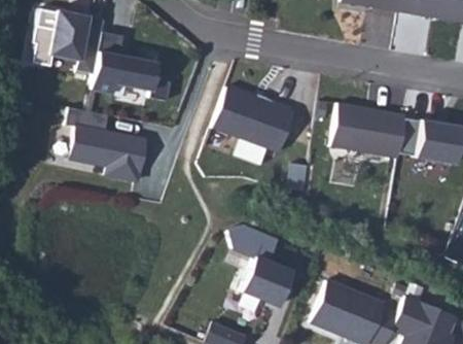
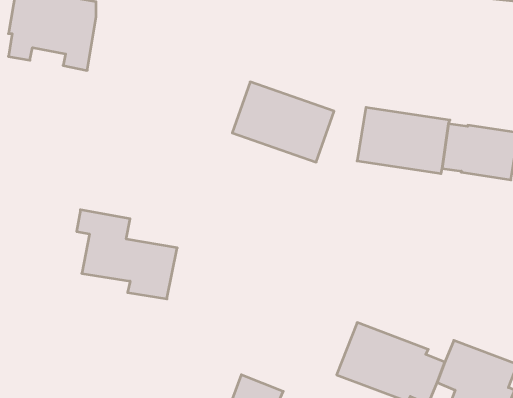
building: [97,32,176,101] -> none
building: [71,107,152,179] -> [77,210,177,299]
building: [230,220,304,309] -> none

